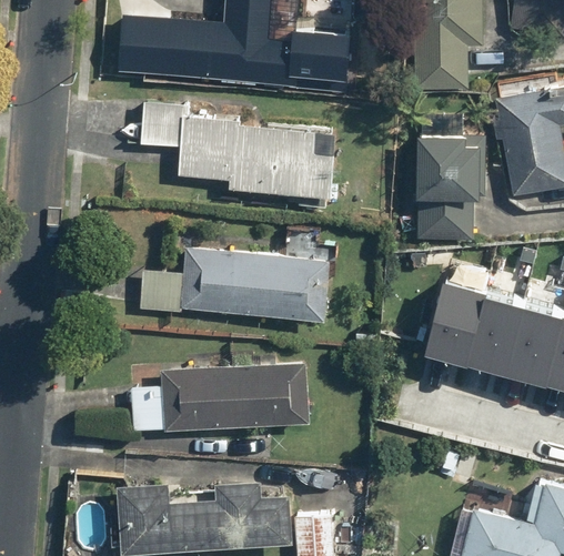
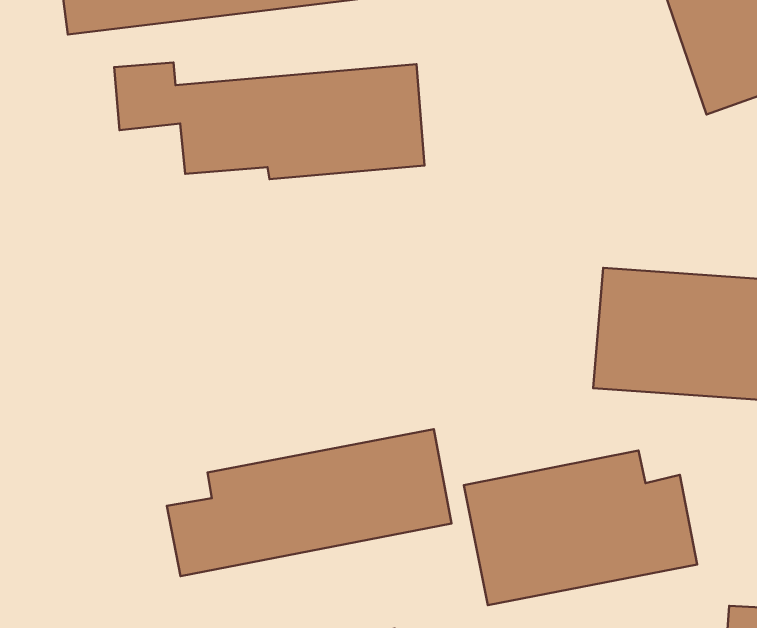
building: [415,132,482,242] -> none
building: [113,249,328,320] -> none
building: none -> [464,450,697,605]

